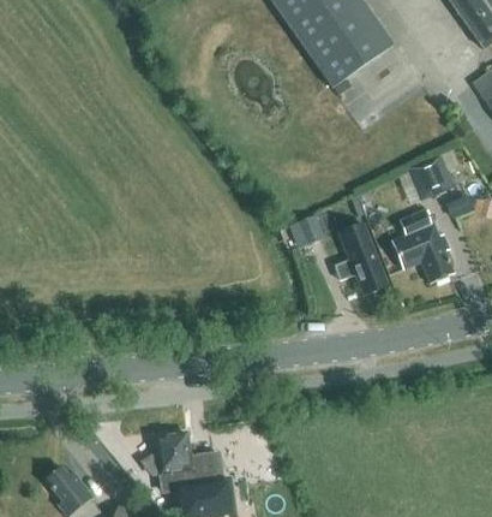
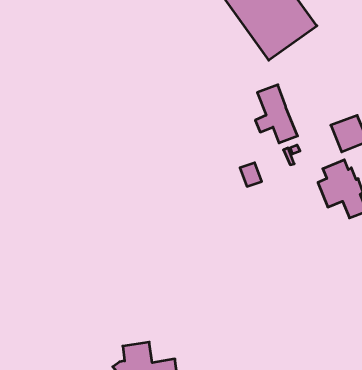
building: [335,221,386,292] -> [255,85,298,143]

